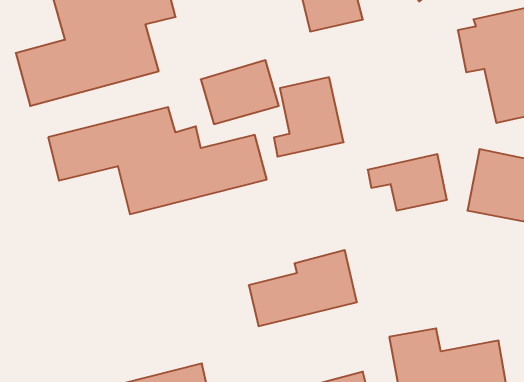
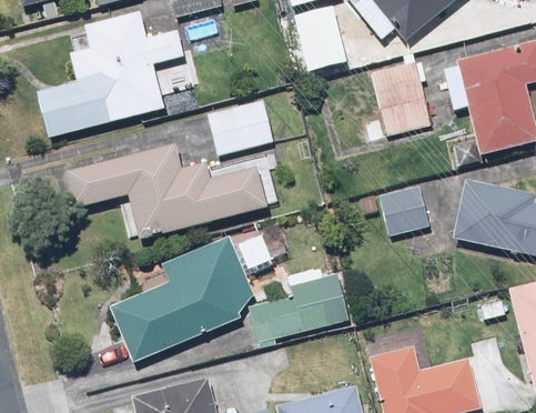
building: [274,77,344,157] -> [367,63,432,137]
building: none -> [110,234,255,362]

